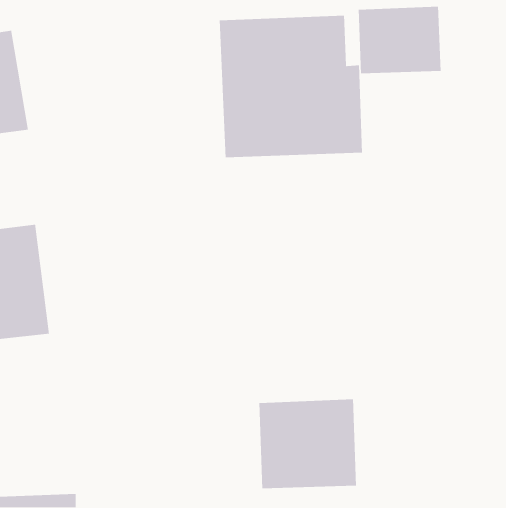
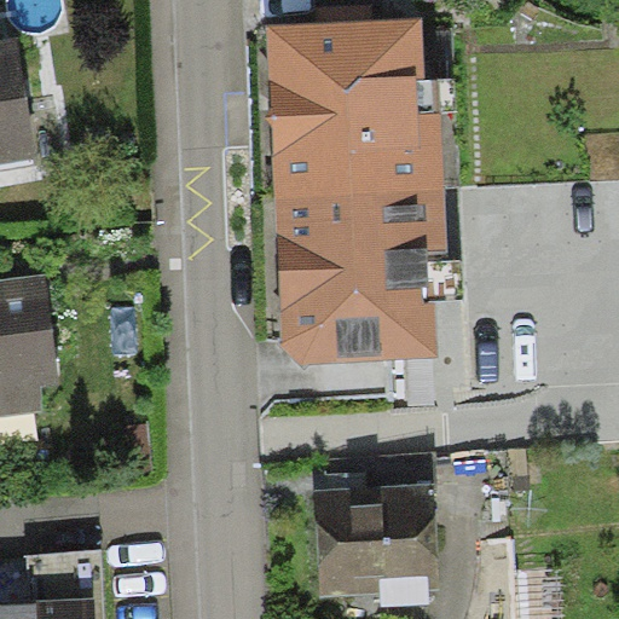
building: [358,6,442,74] -> none
building: none -> [273,186,446,369]

